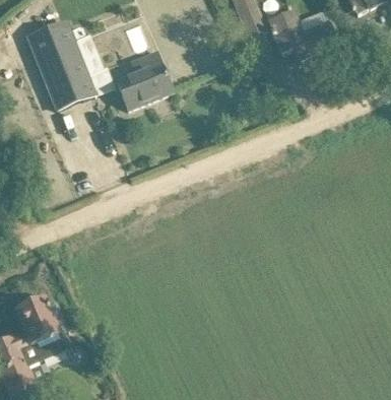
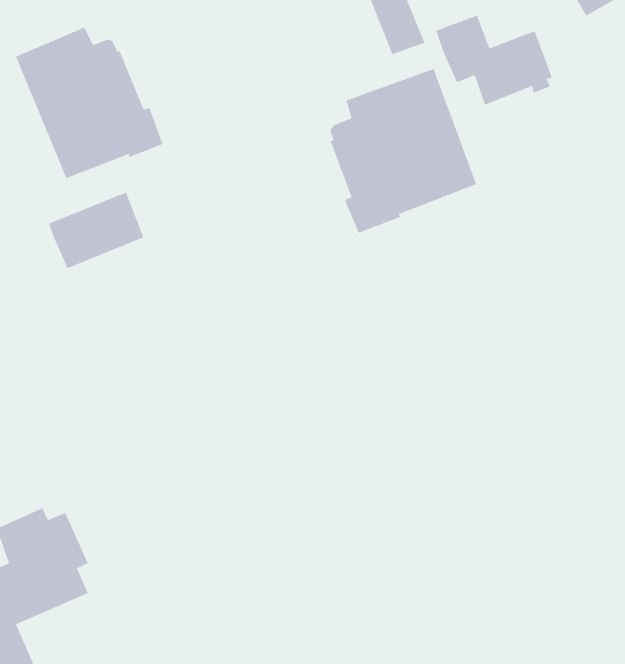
building: none -> [330,68,477,233]
building: [112,62,168,107] -> [48,192,144,269]

